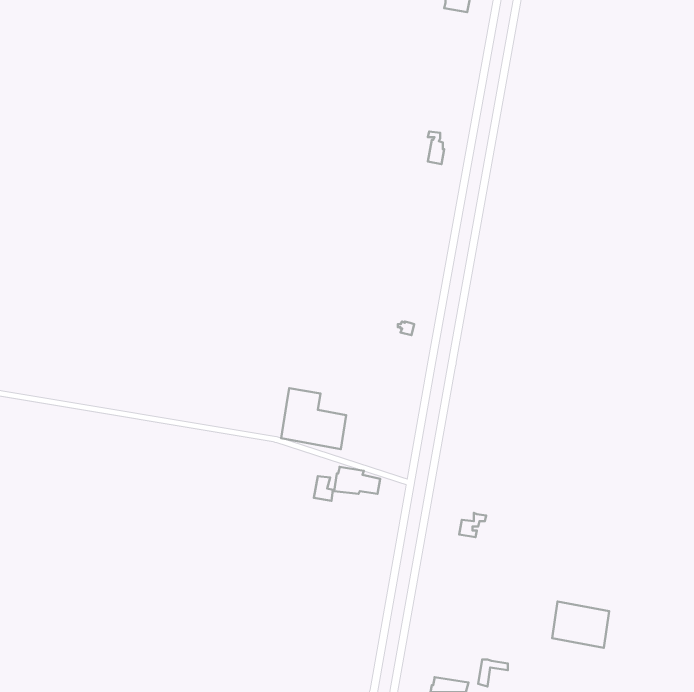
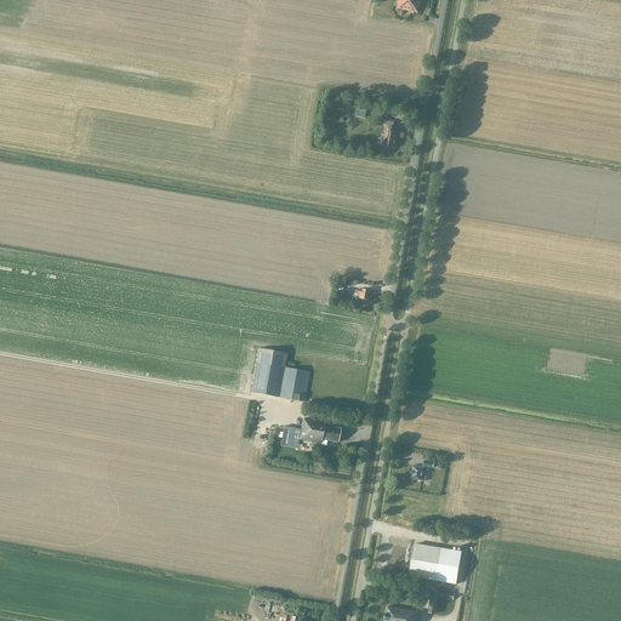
building: [552,602,609,648] -> [410,542,461,583]

